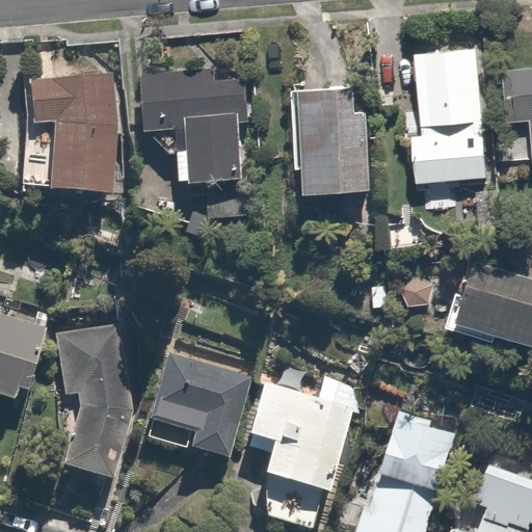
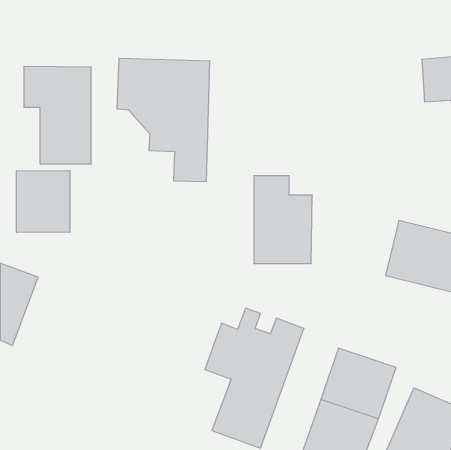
building: [403,45,484,182] -> none
building: [307,88,375,191] -> [254,176,312,263]
building: none -> [17,170,70,233]
building: [57,324,135,485] -> none
building: [143,347,259,472] -> none

